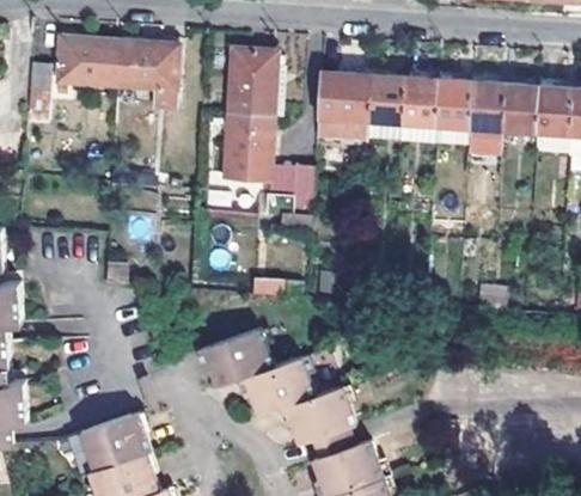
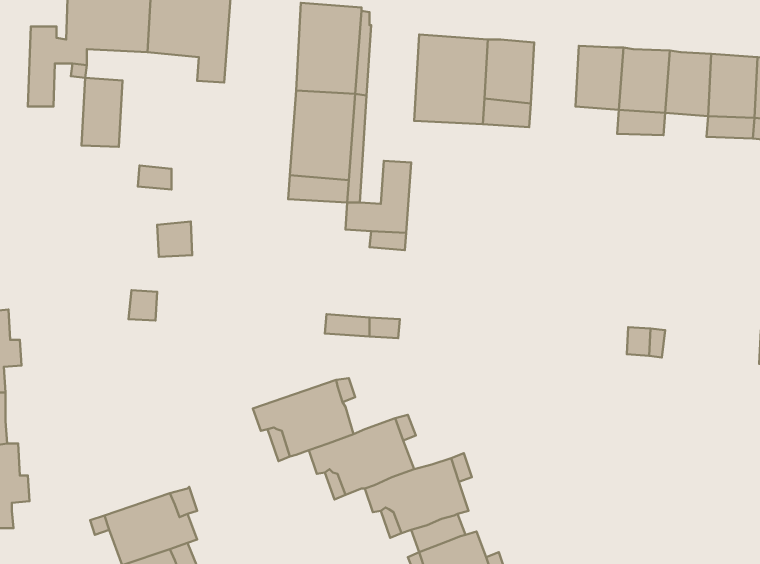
building: [403,76,439,124] -> none
building: none -> [82,78,122,147]

